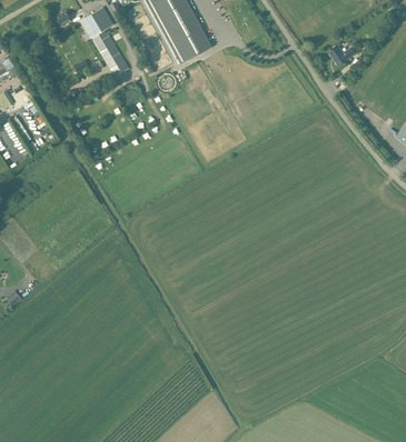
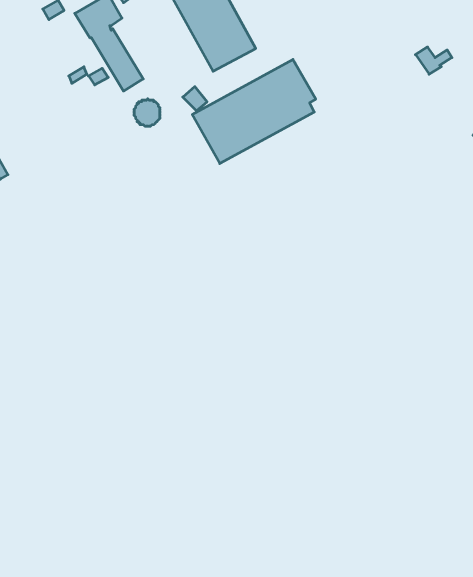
building: none -> [192,59,316,164]

